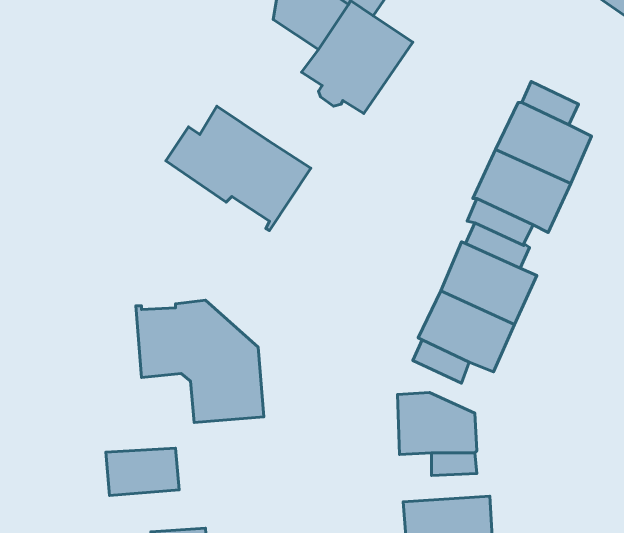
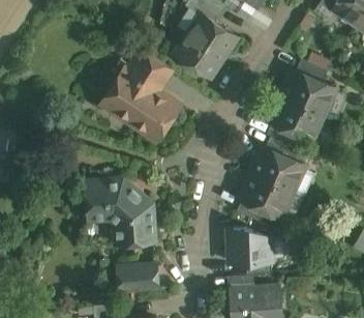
building: none -> [129,50,171,91]
building: [106,448,179,495] -> [118,266,158,292]

